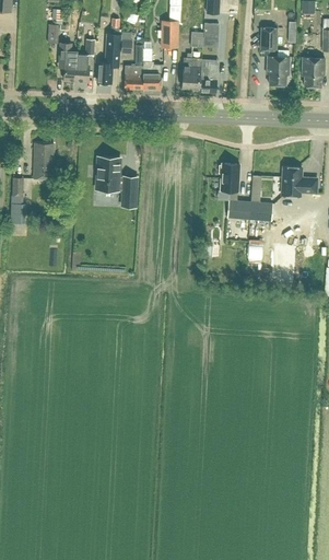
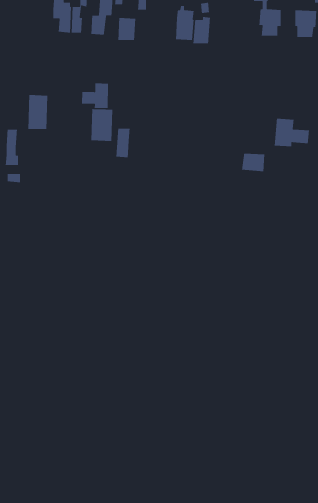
building: [141,60,160,90] -> none
building: none -> [81,83,109,109]
building: [218,163,250,219] -> none

